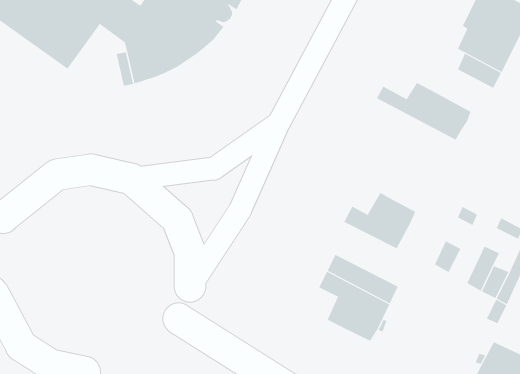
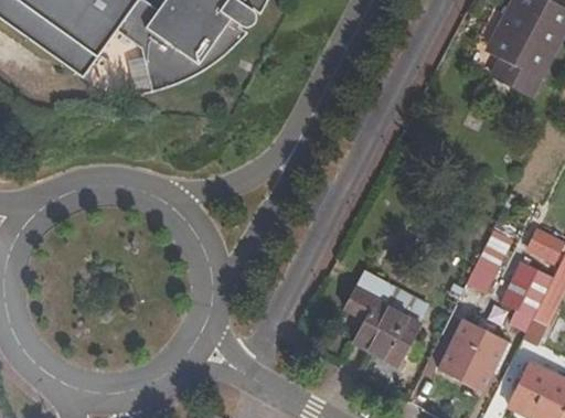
building: [376,82,471,140] -> none
building: [344,192,416,249] -> none
building: none -> [440,321,505,390]

